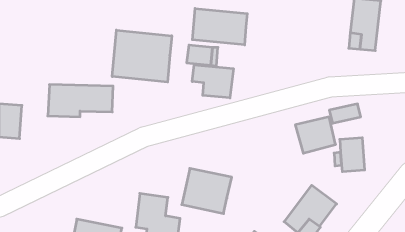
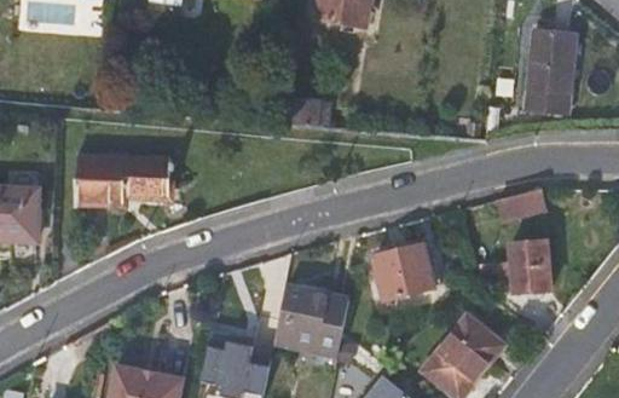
building: [192,8,247,45] -> none
building: [112,30,172,82] -> none
building: [192,65,233,98] -> none
building: [295,117,336,153] -> [371,243,432,298]

